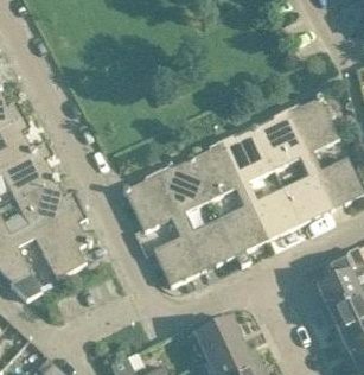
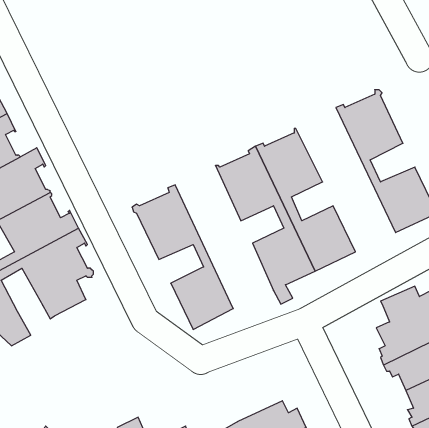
building: [254,109,333,224] -> none
building: [158,155,236,269] -> none
building: [192,312,243,360] -> none

